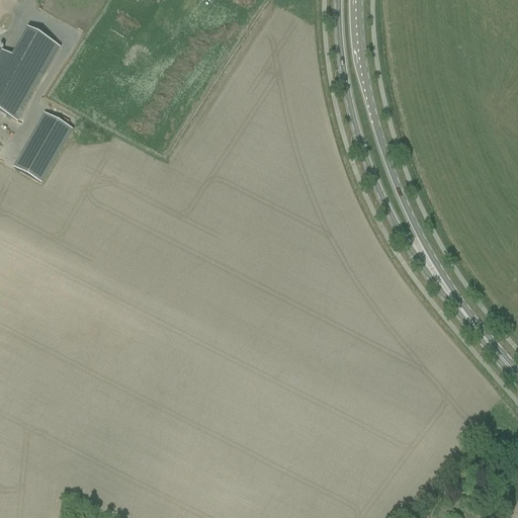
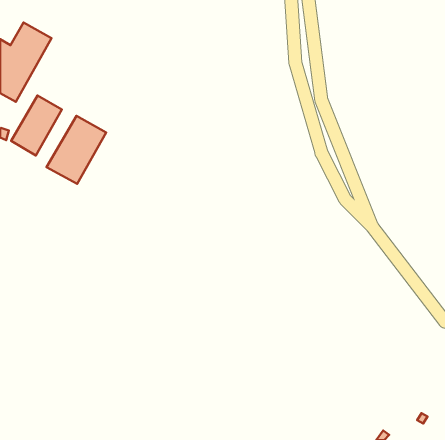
building: none -> [47,116,106,184]

